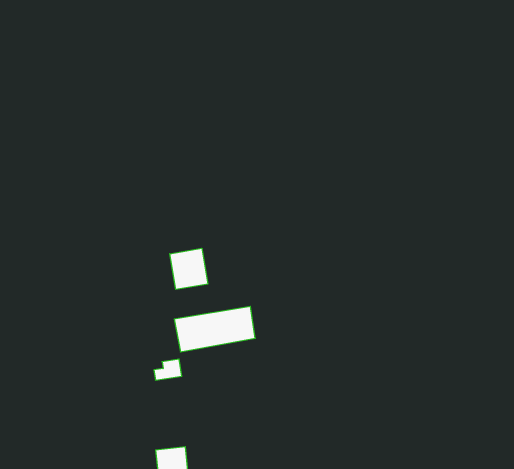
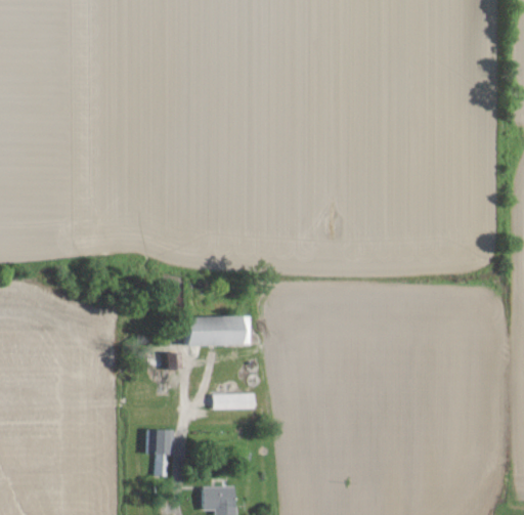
building: [170,248,208,289] -> none
building: none -> [213,393,256,410]

